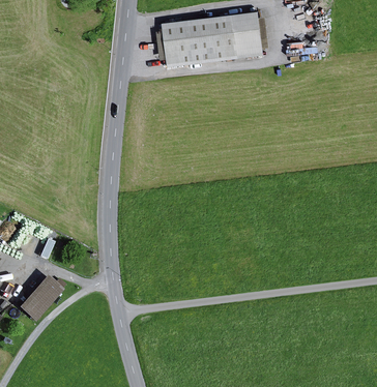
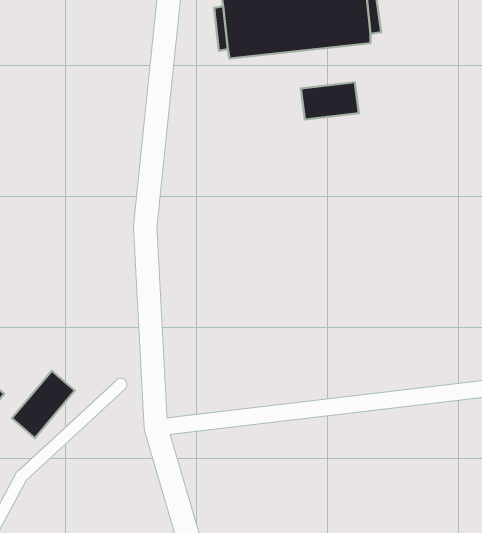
building: none -> [301,82,359,119]

